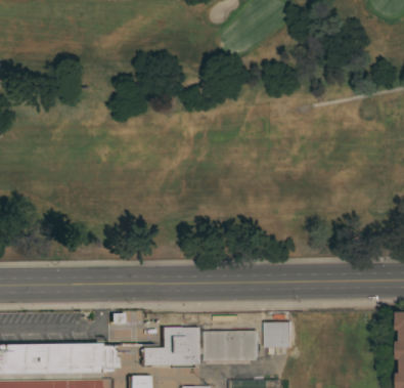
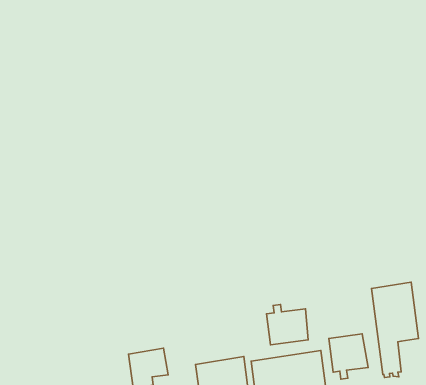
building: none -> [371,282,418,378]
building: none -> [267,304,308,345]

